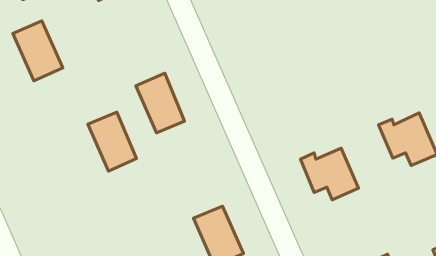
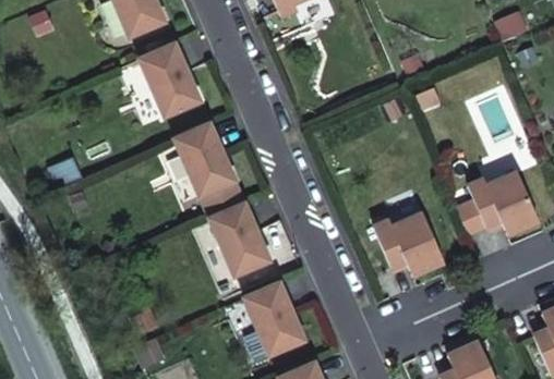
building: [13,21,63,81] -> [140,44,200,115]
building: [88,112,137,171] -> [209,204,268,274]

